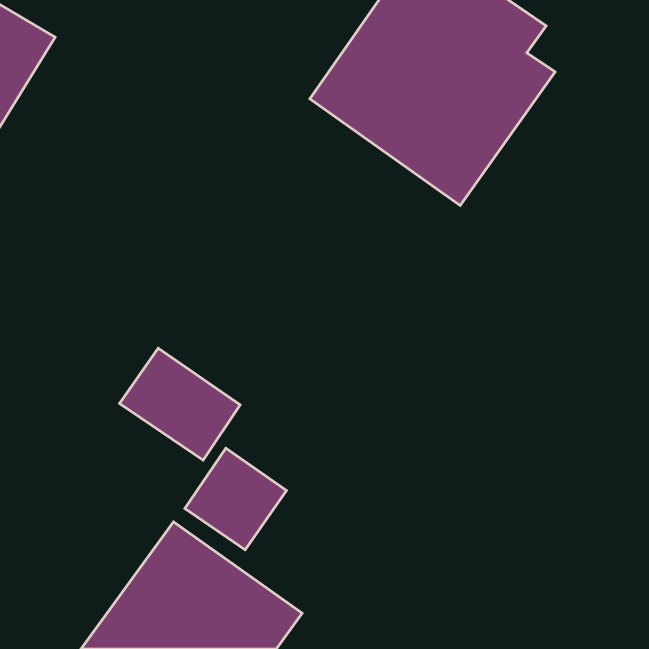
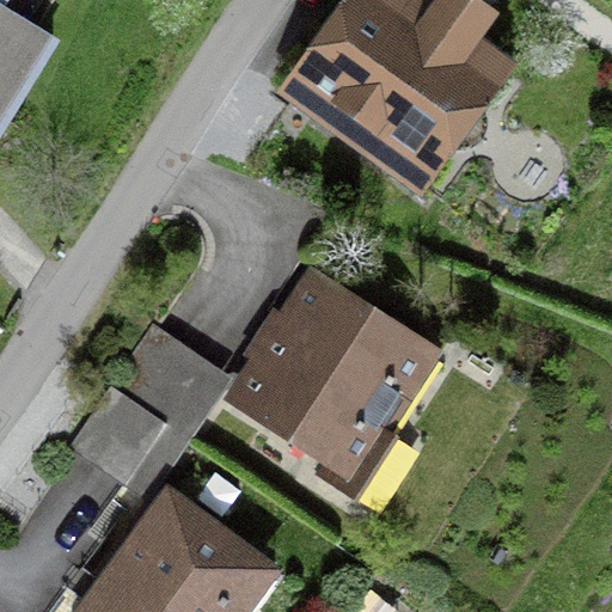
building: none -> [233,273,452,482]
building: [185,448,286,550] -> [68,385,163,479]

